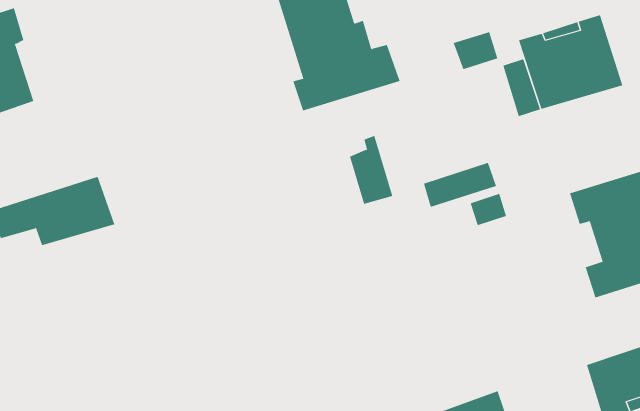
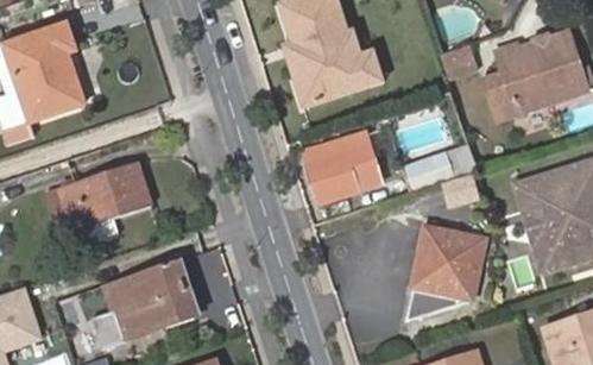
building: none -> [307,134,361,200]
building: none -> [517,180,559,270]
building: none -> [404,226,487,321]
building: none -> [93,262,198,348]

